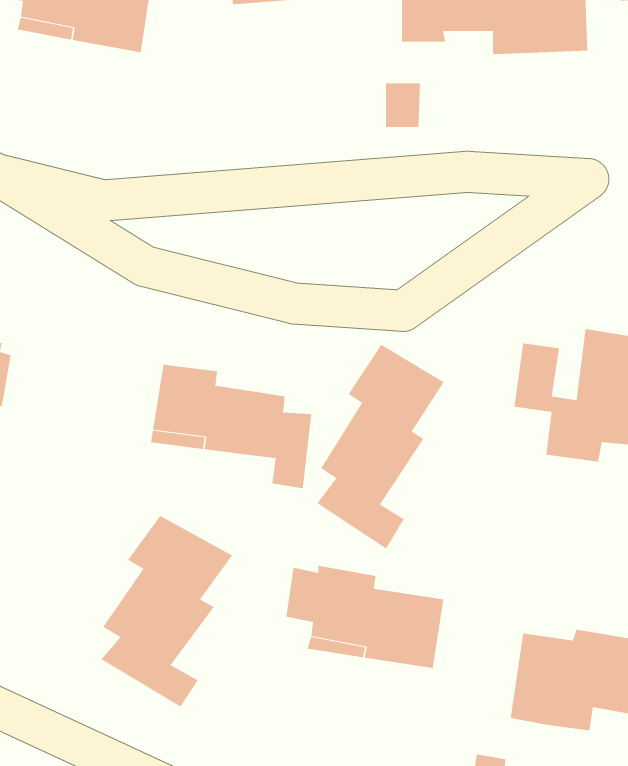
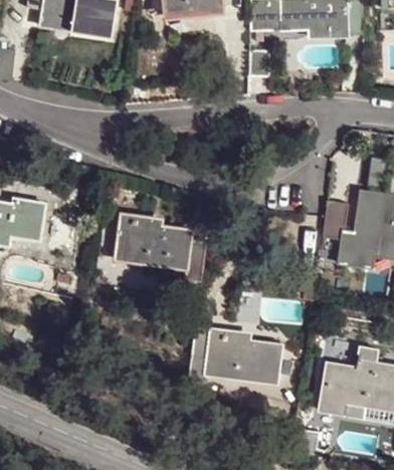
building: [317,344,444,549] -> none
building: [100,515,233,707] -> none

